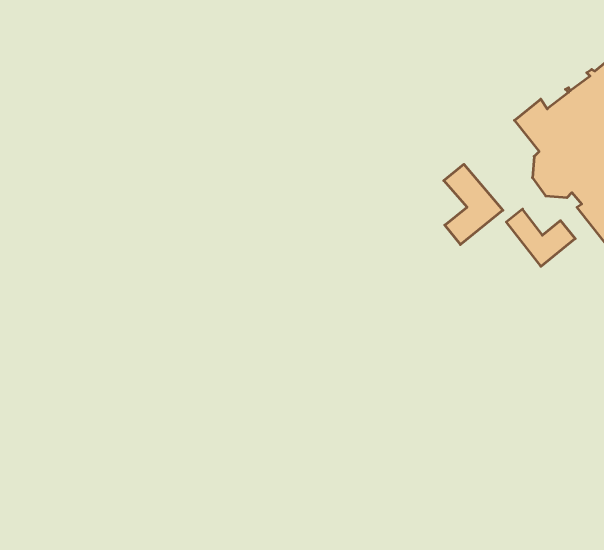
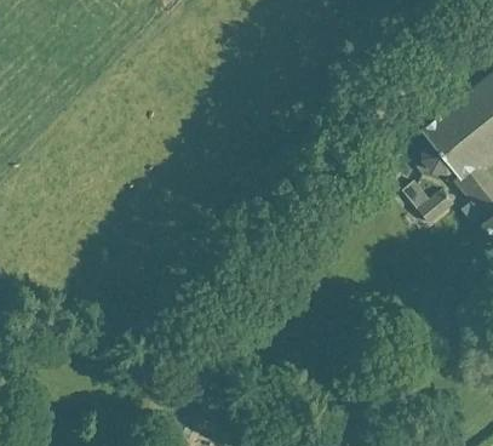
building: [444,164,503,245] -> none

